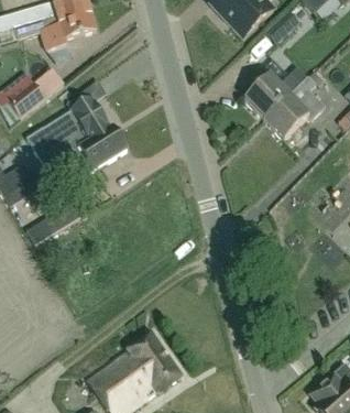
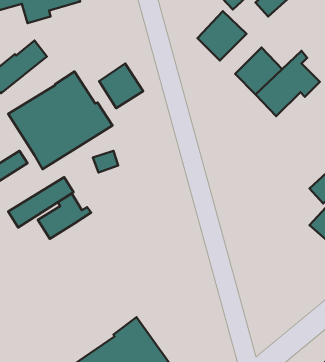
building: none -> [197,11,247,60]
building: none -> [99,64,143,108]
building: none -> [38,194,91,239]

